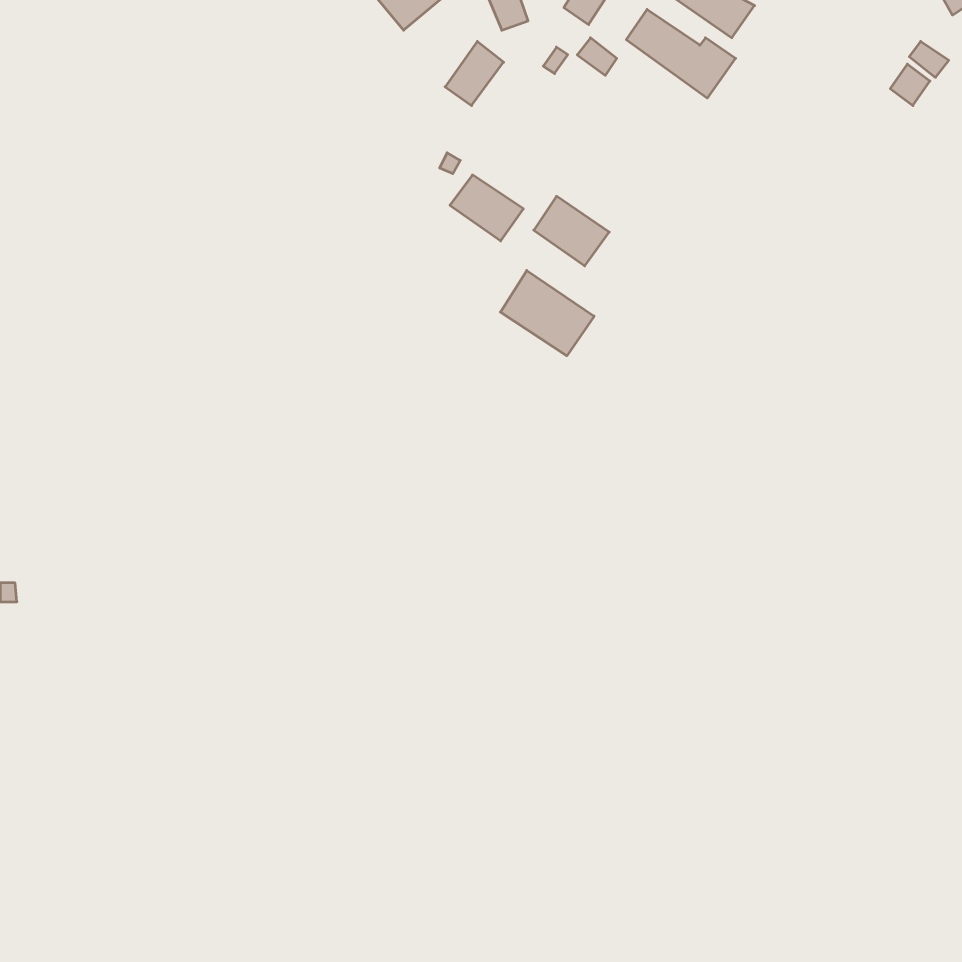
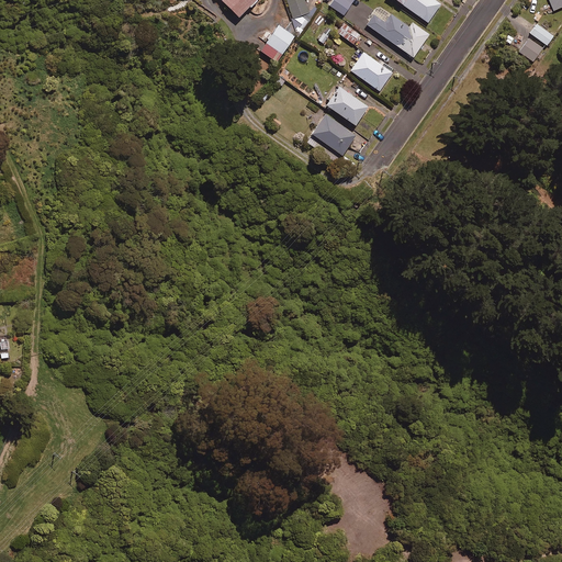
building: none -> [350,52,392,91]
building: [450,175,523,241] -> [325,87,368,125]
building: [500,270,594,356] -> none

